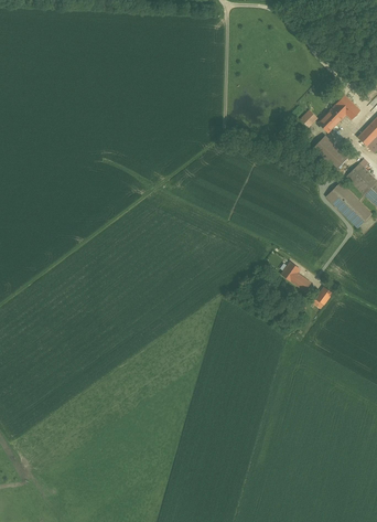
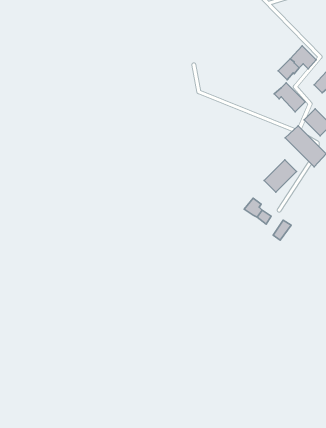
building: none -> [264,160,296,192]

